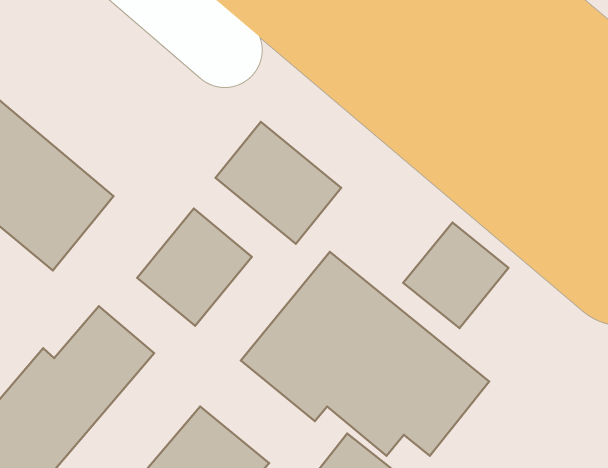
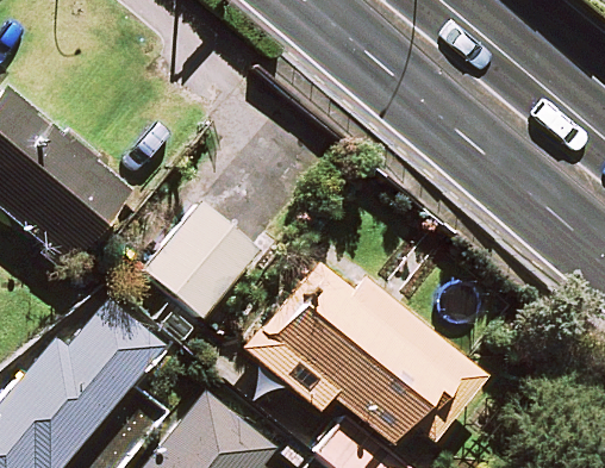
building: [215,122,341,244] -> none
building: [403,223,509,328] -> none

